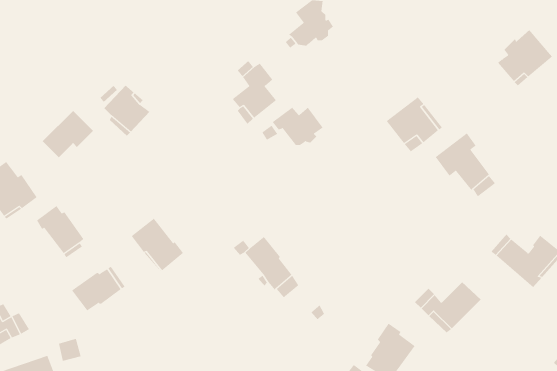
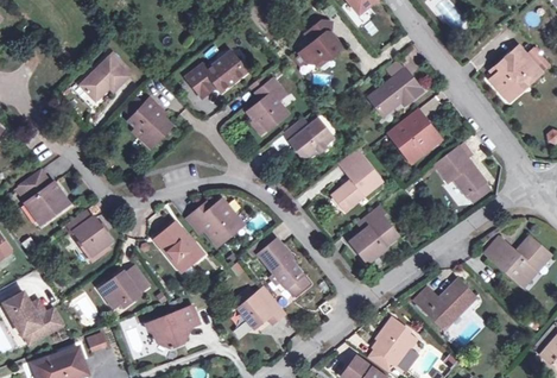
building: none -> [186,51,243,97]
building: none -> [367,69,420,114]
building: [42,110,94,158] -> [80,56,127,100]
building: none -> [331,150,381,210]
building: none -> [185,199,241,244]
building: none -> [350,206,397,263]
building: none -> [238,286,284,327]
building: none -> [145,304,198,346]

